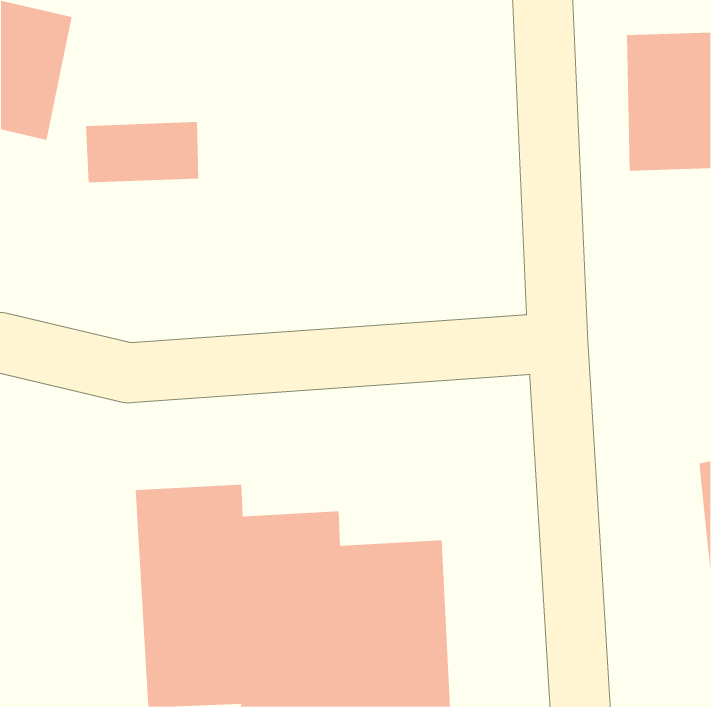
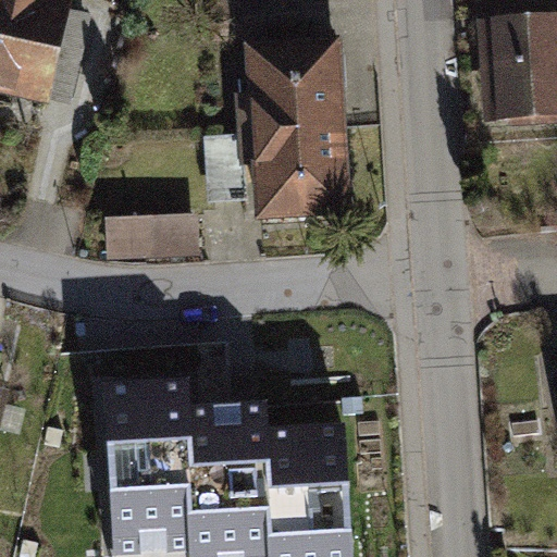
building: none -> [236,41,349,219]
building: [85,122,199,183] -> [112,214,201,262]

